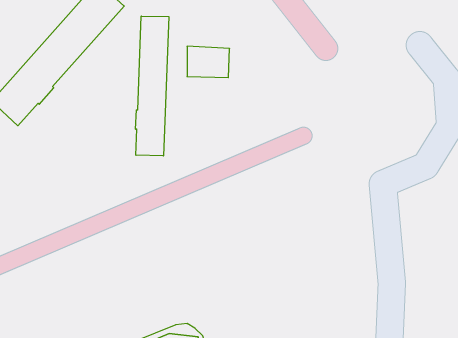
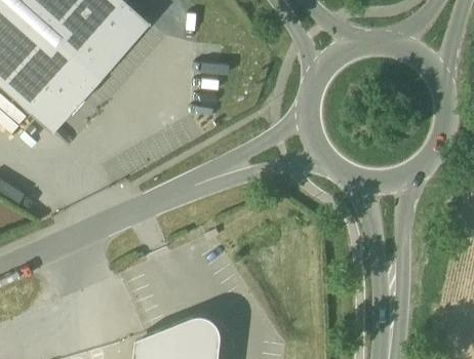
building: [136,16,169,156] -> none

